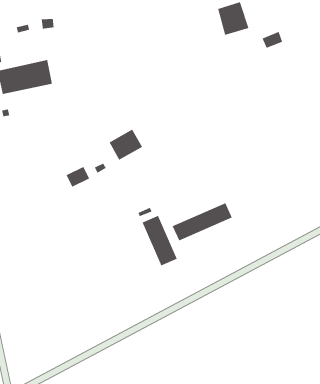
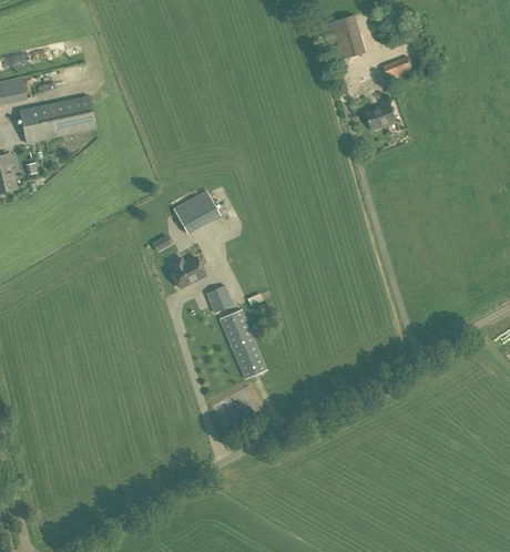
building: none -> [365,102,395,127]
building: [65,166,90,188] -> [170,256,204,286]
building: [172,202,233,241] -> none

